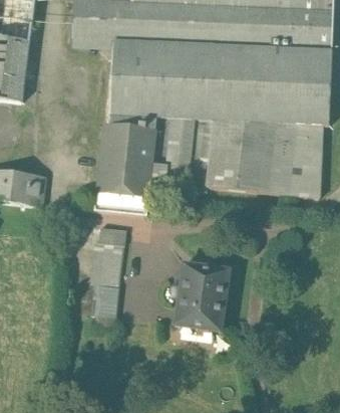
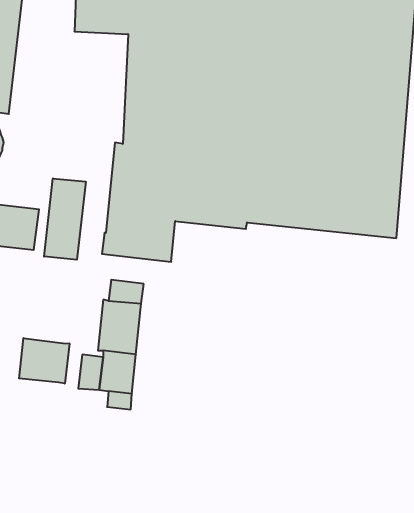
building: none -> [44,178,86,260]
building: [175,262,229,330] -> none
building: none -> [19,338,69,384]

